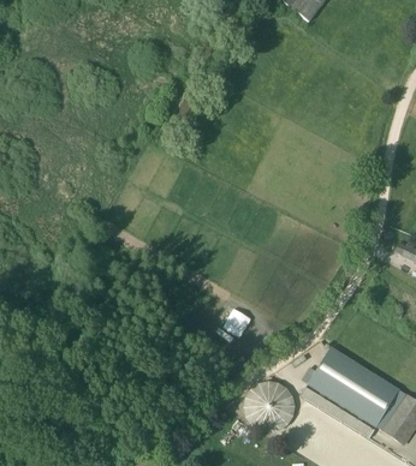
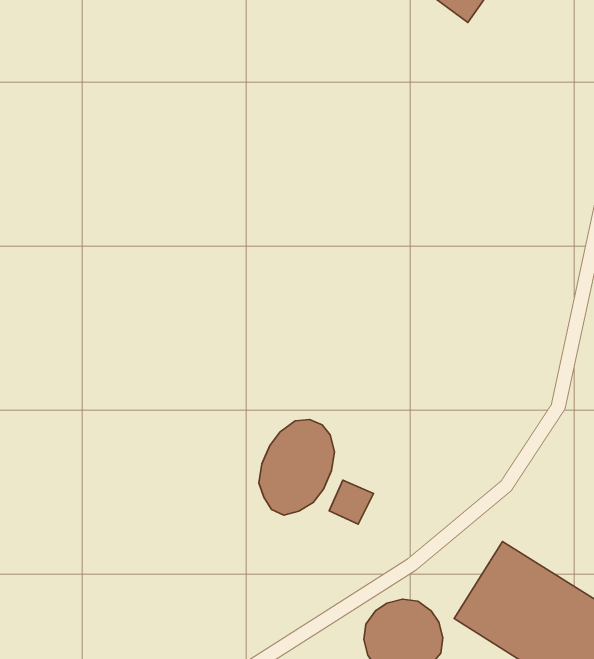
building: none -> [259,419,335,515]

